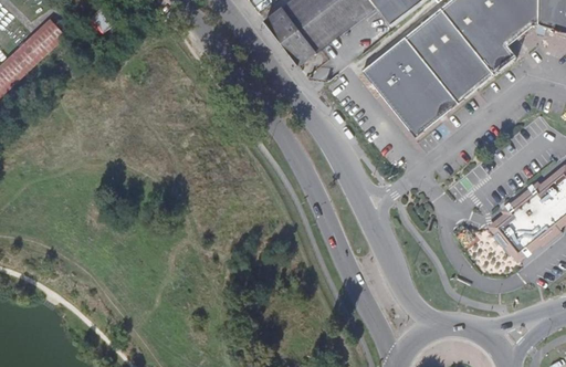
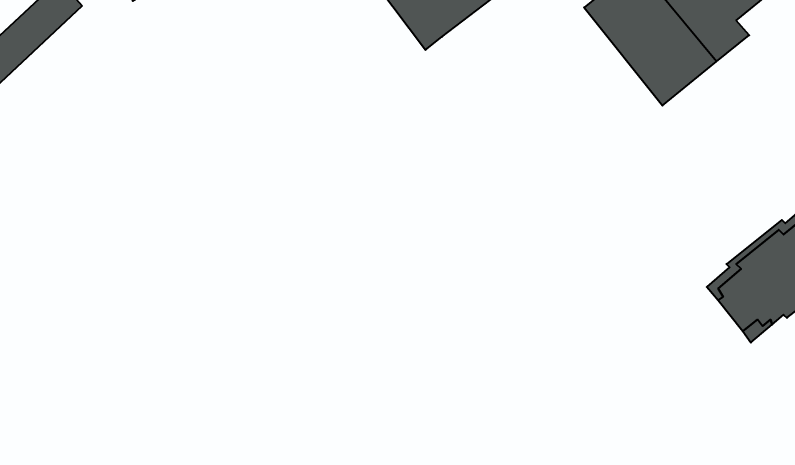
building: [364,35,459,136] -> none

